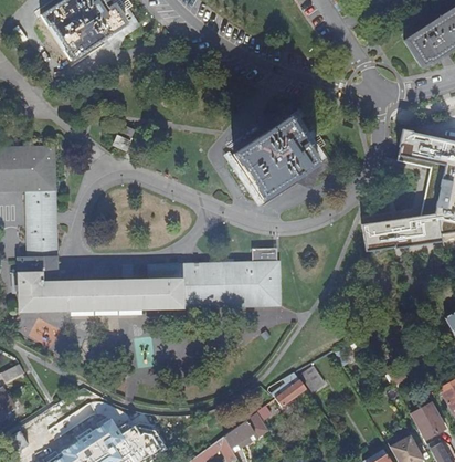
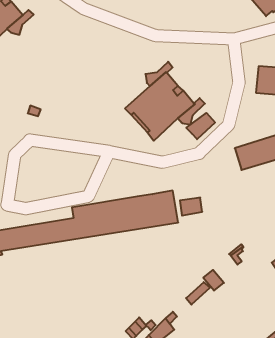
building: none -> [186,113,215,139]
building: [252,245,277,264] -> [180,198,202,216]

